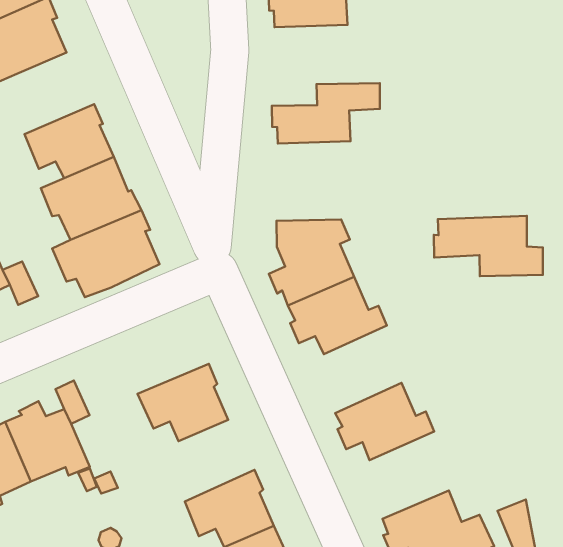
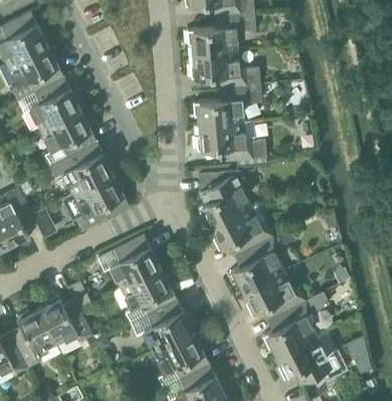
building: none -> [189,49,258,87]
building: none -> [28,76,81,129]
building: [434,216,543,276] -> [195,121,264,160]
building: none -> [109,234,162,286]
building: none -> [229,235,282,291]
building: none -> [130,299,194,352]
building: none -> [261,299,316,356]

